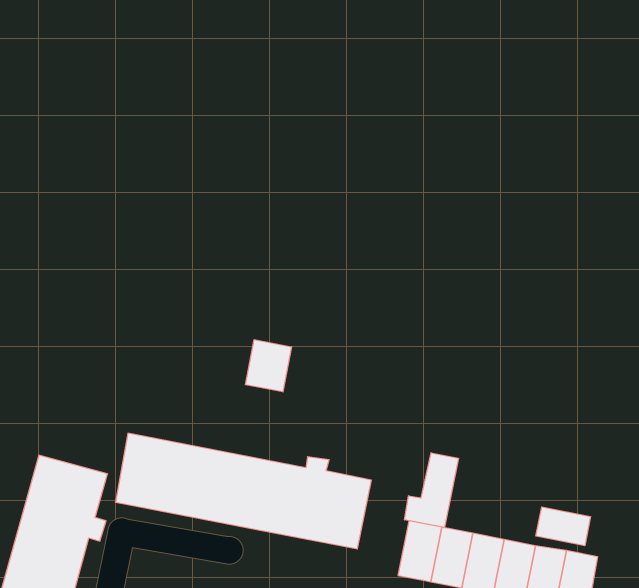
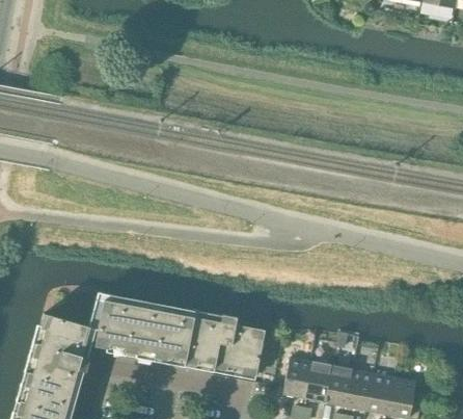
building: [246,340,292,392] -> none
building: [405,453,458,528] -> none
building: [536,507,591,546] -> none

